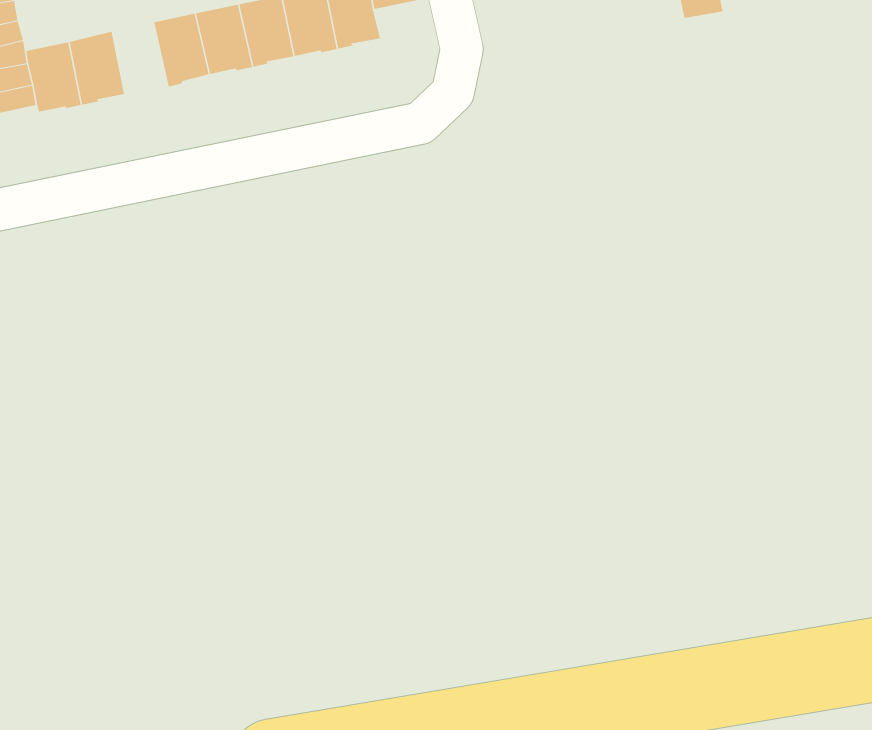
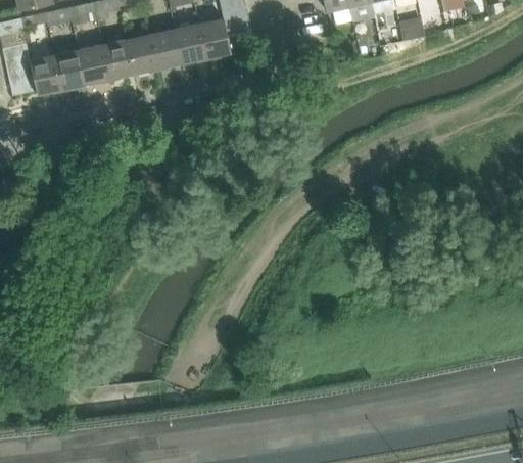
building: none -> [79,44,110,85]

